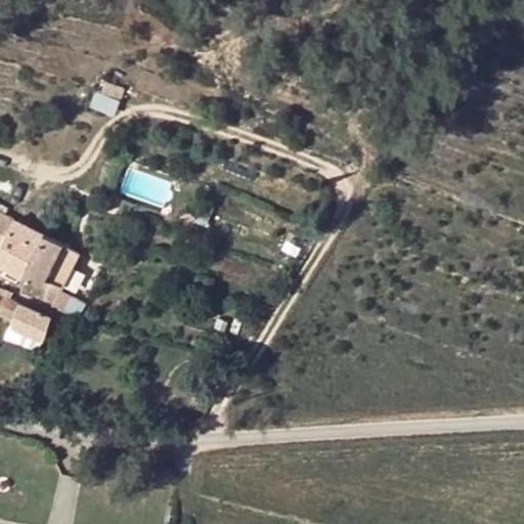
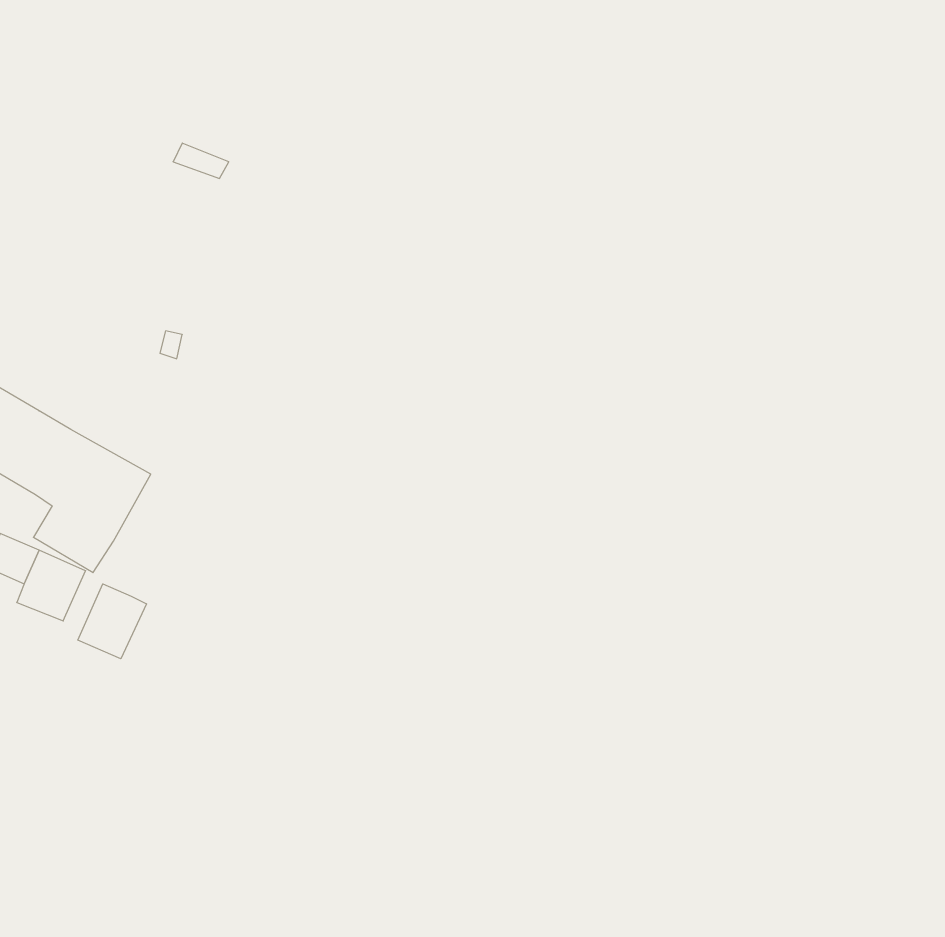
building: none -> [78,584,146,659]

